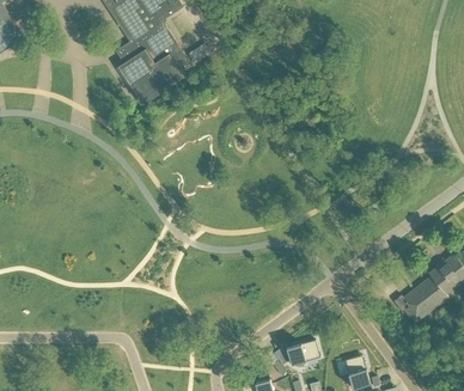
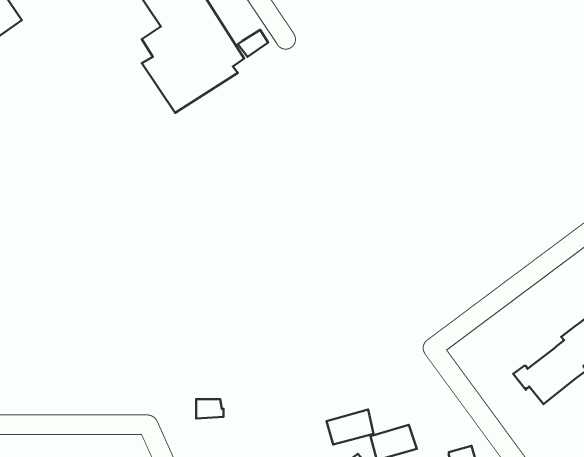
building: none -> [326,409,374,445]

